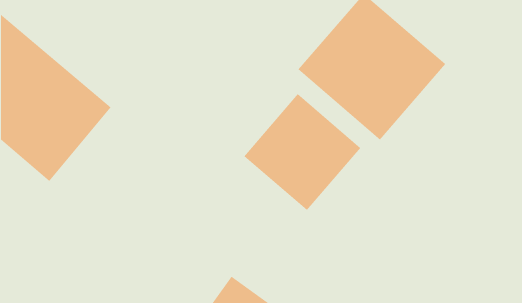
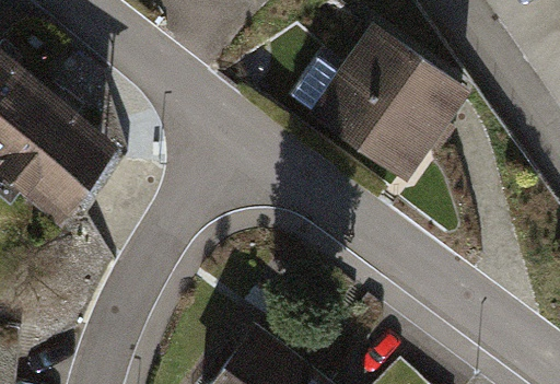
building: [243,93,361,211] -> none

